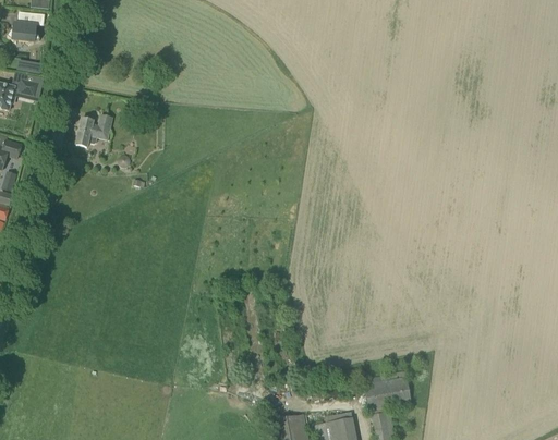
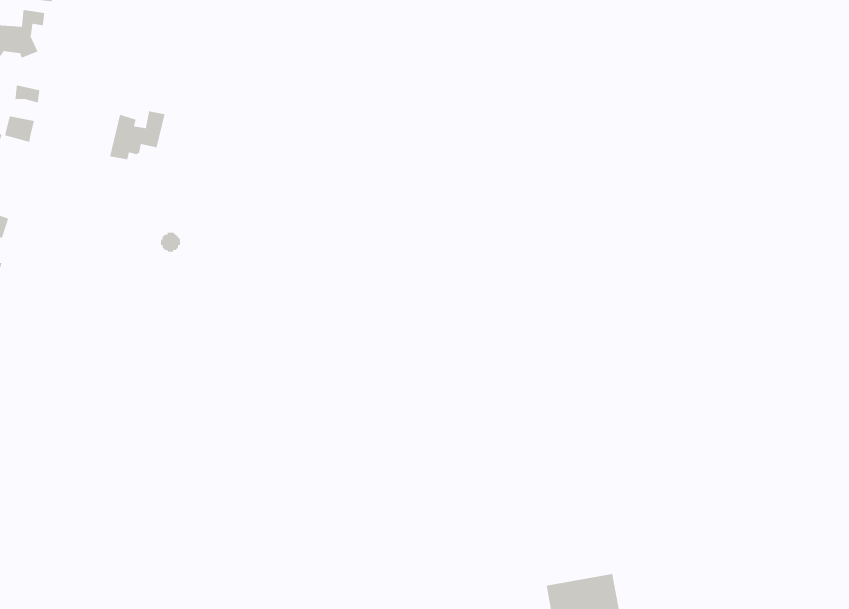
building: [76,114,112,146] -> [109,110,166,160]

